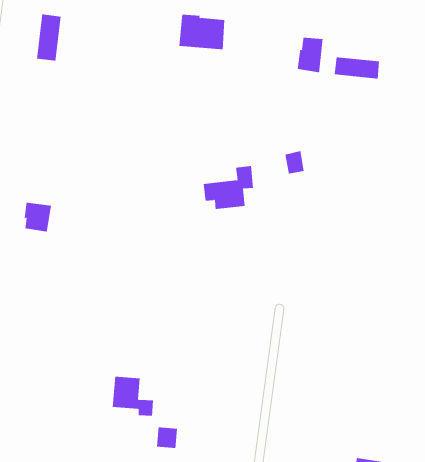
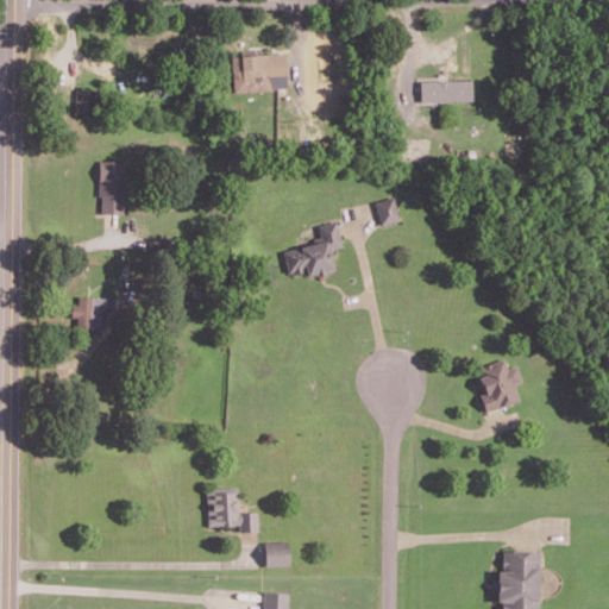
building: [36,14,62,61] -> [102,162,126,215]
building: [297,37,323,73] -> none
building: none -> [473,360,522,413]

